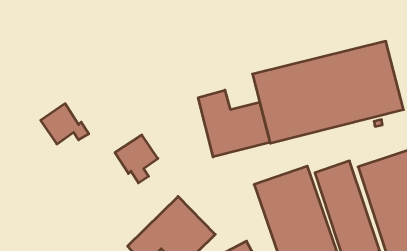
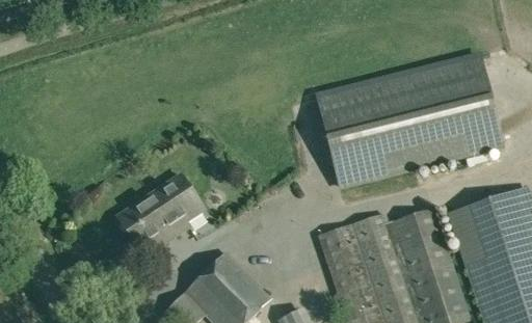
building: [198,90,270,157] -> none
building: [41,104,89,144] -> [117,196,177,246]

